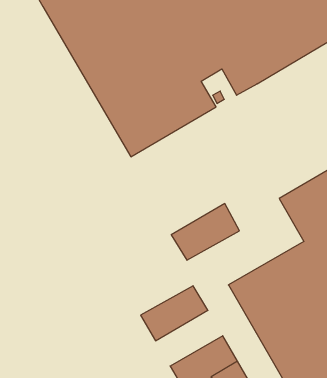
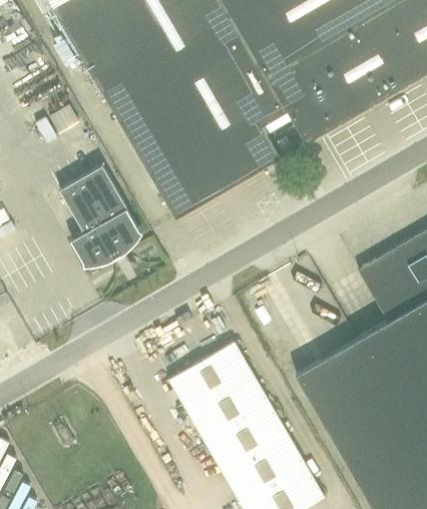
building: none -> [59,165,143,267]
building: [171,204,239,260] -> [169,342,253,411]
building: none -> [206,405,289,473]

